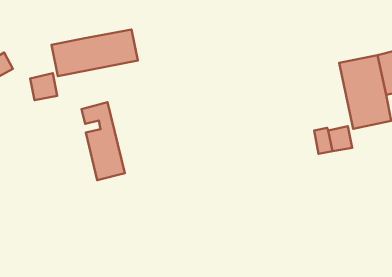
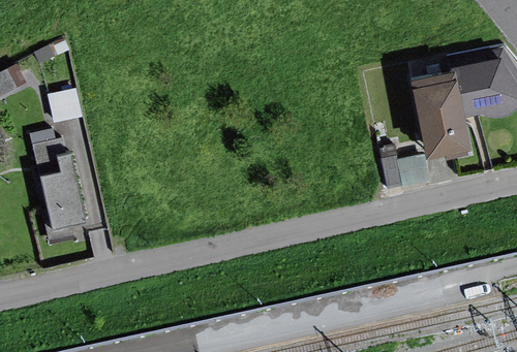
building: [51,29,138,76] -> none
building: [82,102,125,180] -> [30,137,82,230]

